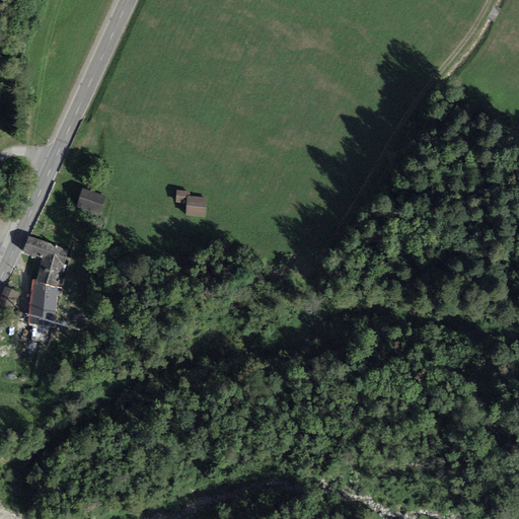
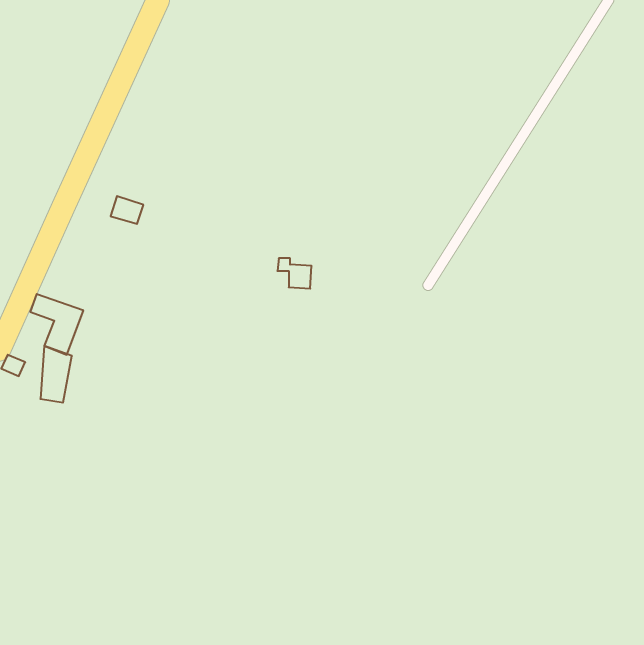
building: [77,190,103,212] -> [111,196,143,224]
building: [178,194,206,218] -> [277,258,312,289]

